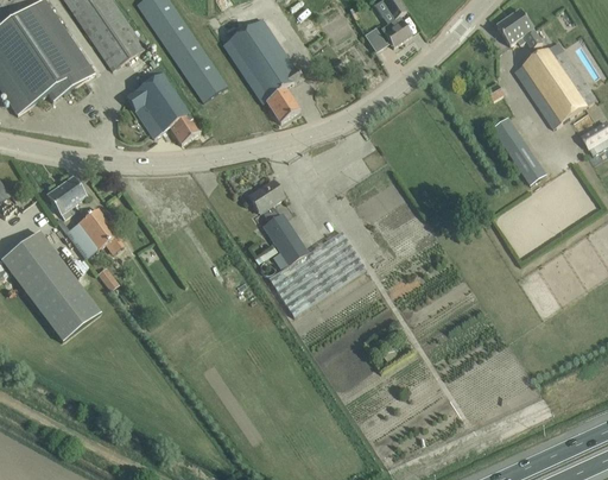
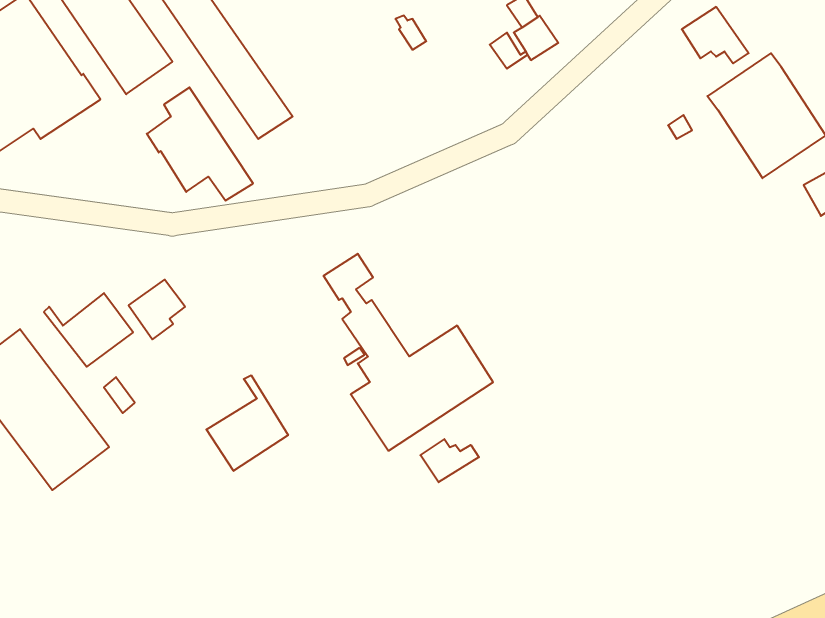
building: [221,12,302,121] -> none
building: [492,116,545,183] -> none
building: [46,176,86,217] -> [129,280,185,339]
building: none -> [206,375,288,471]
building: none -> [420,439,479,482]

